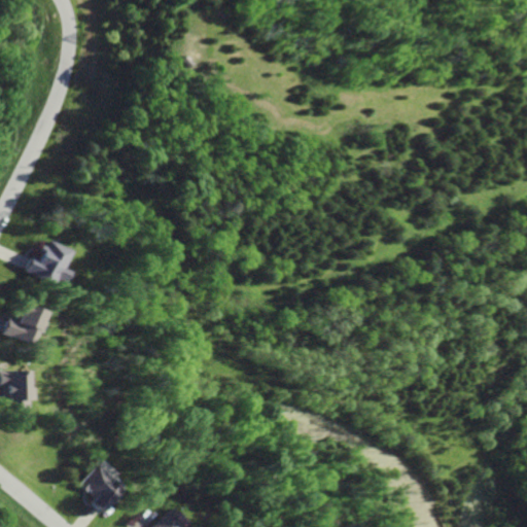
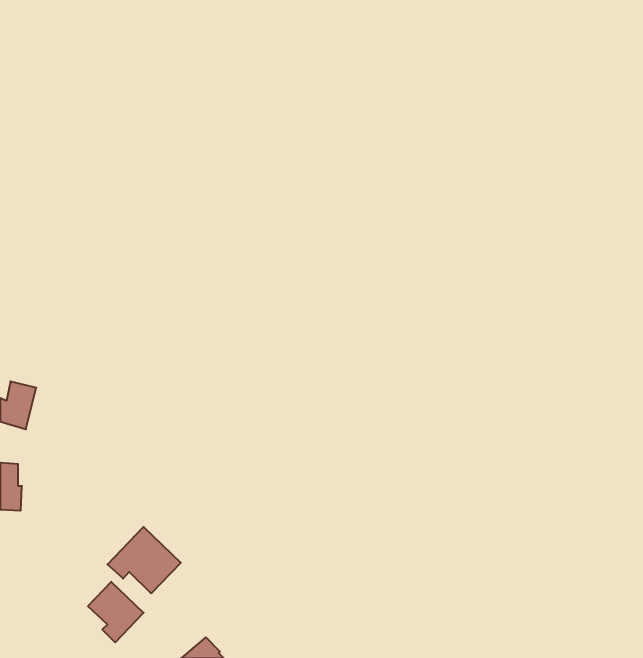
building: [27,240,71,282] -> none
building: none -> [107,527,181,593]

